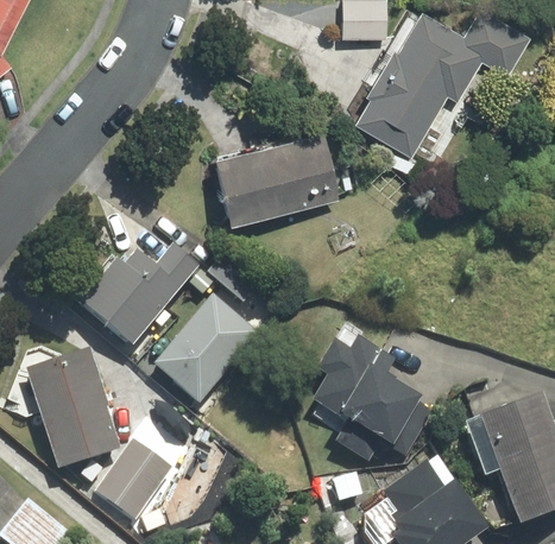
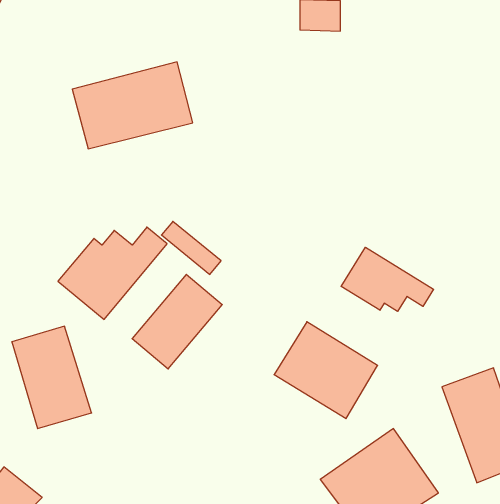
building: [345,19,518,159] -> none
building: [204,135,332,227] -> [72,62,193,149]
building: none -> [341,247,434,311]
building: [95,442,172,520] -> none

